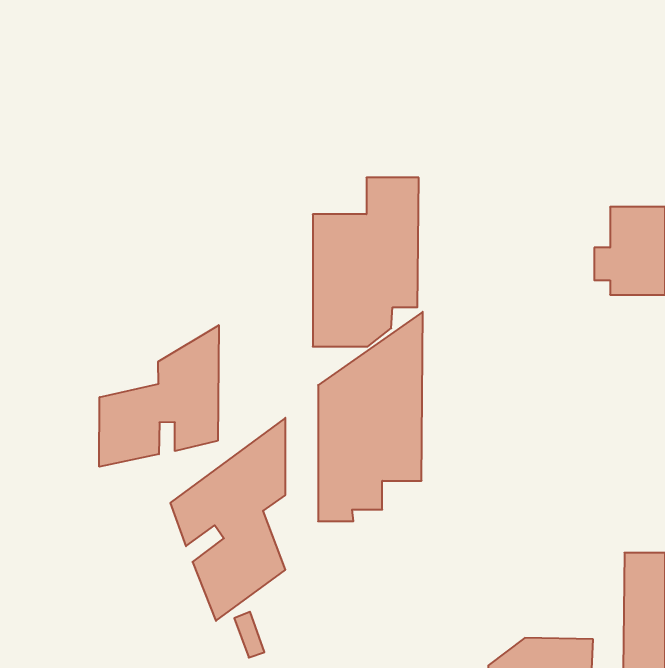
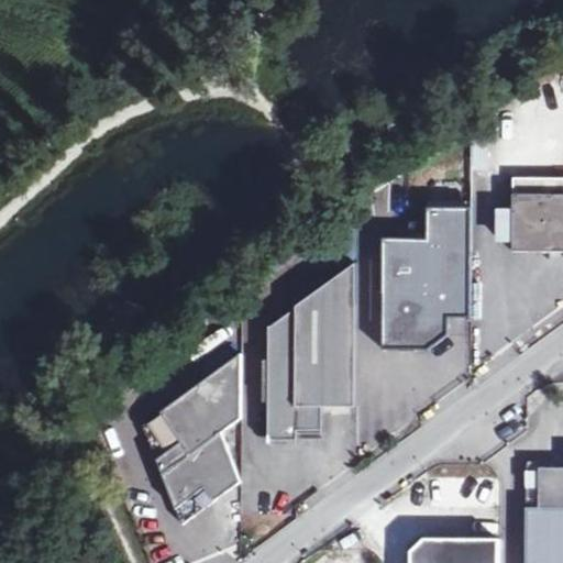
building: [313,178,419,347] -> [382,206,471,347]
building: [99,325,219,467] -> none

